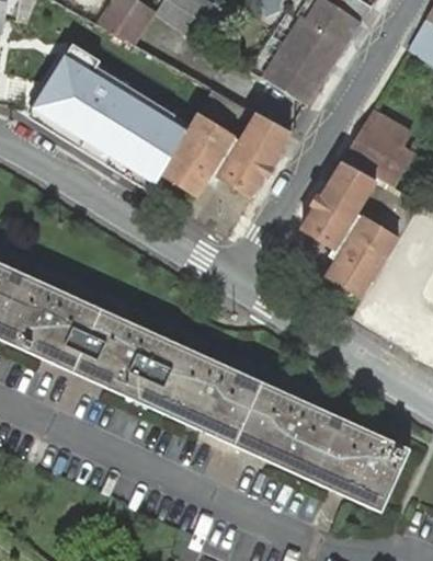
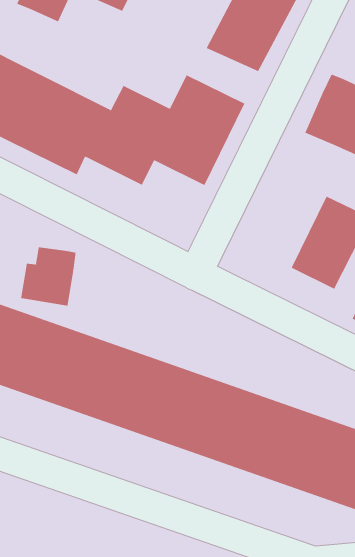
building: [297,164,375,255] -> none
building: none -> [21,246,76,306]

